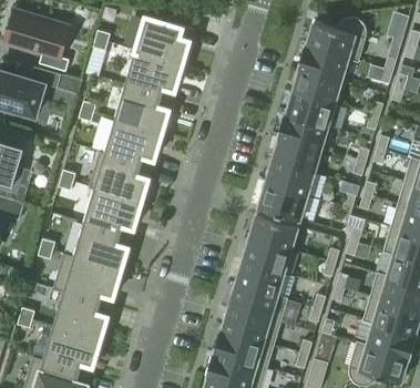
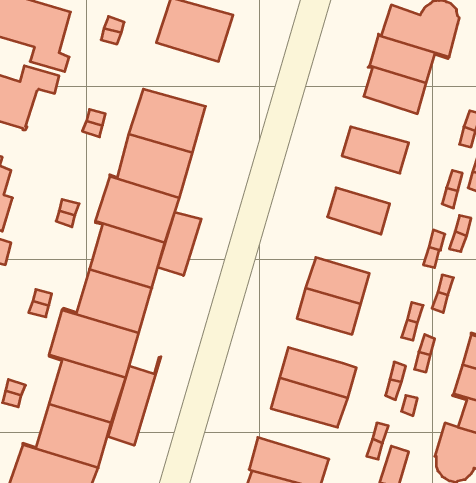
building: [125,50,183,99] -> none
building: [284,91,335,126] -> none
building: [273,136,321,173] -> none
building: none -> [158,212,201,276]
building: [259,183,307,219] -> none
building: [236,261,285,295] -> none
building: none -> [108,357,161,445]
building: [213,328,274,368] -> none

